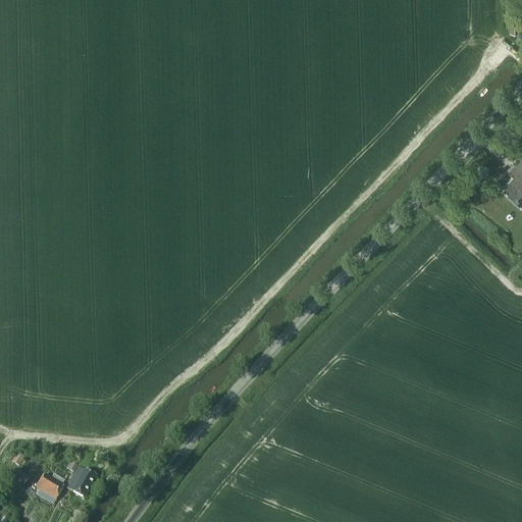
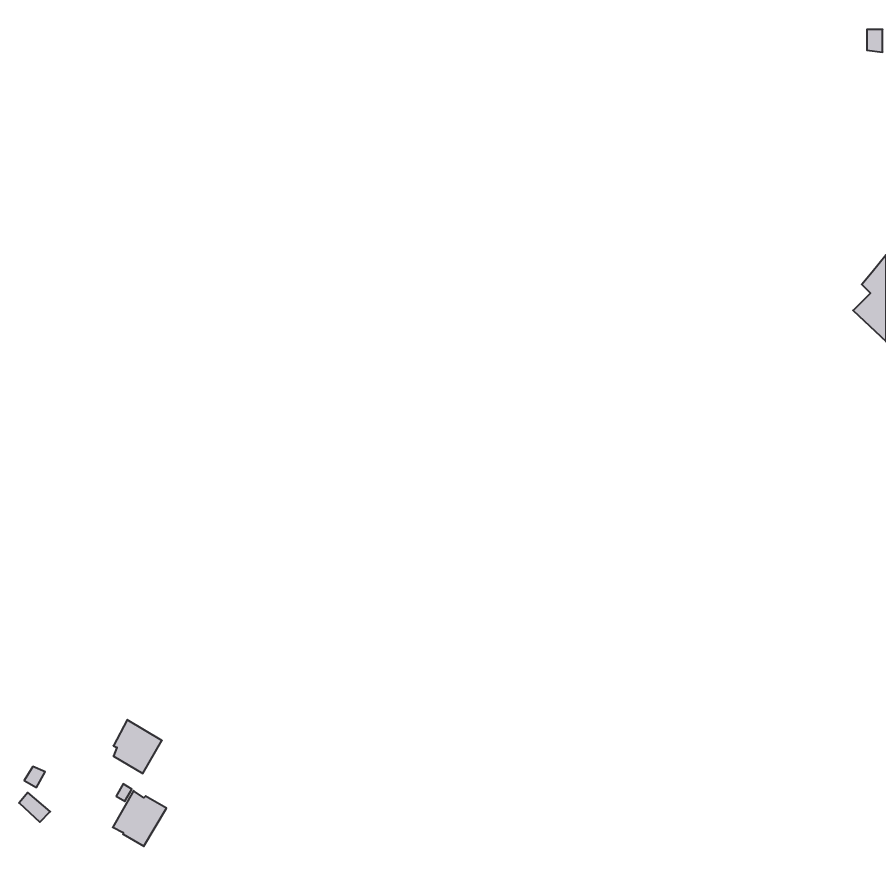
building: [37,471,65,503] -> [113,720,162,773]

